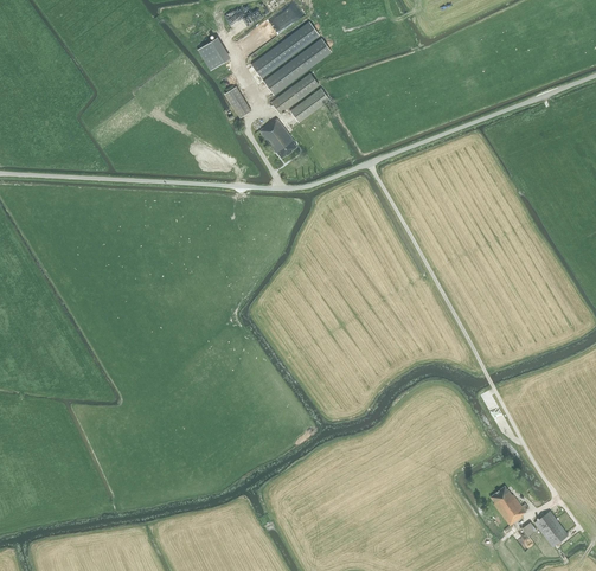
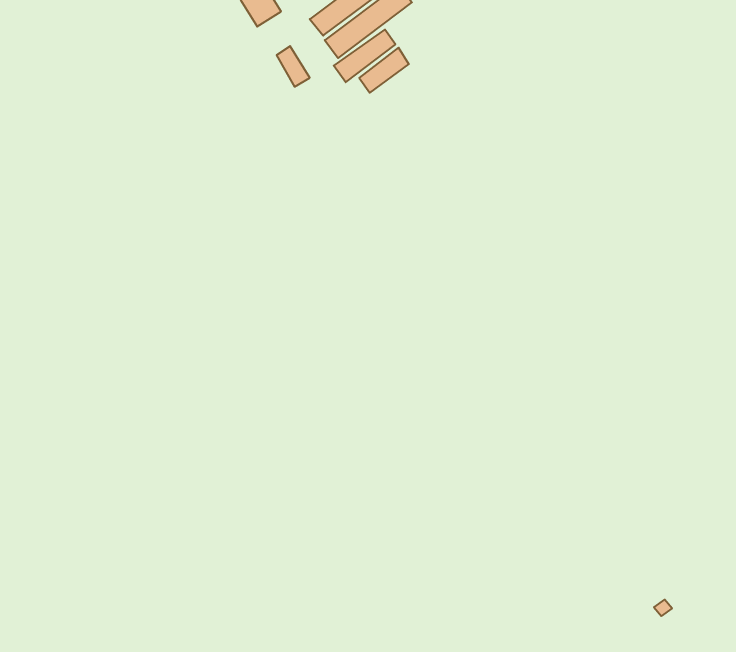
building: [259,117,296,156] -> none
building: [489,485,528,531] -> none
building: [534,509,569,546] -> none

